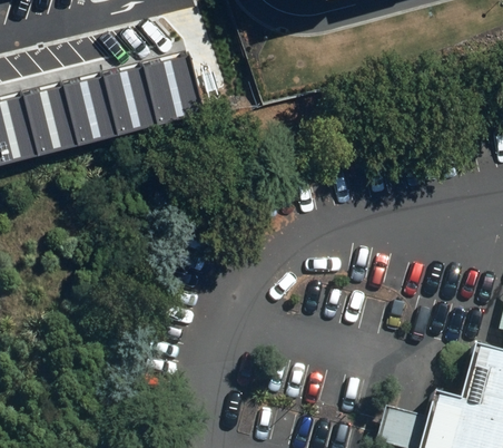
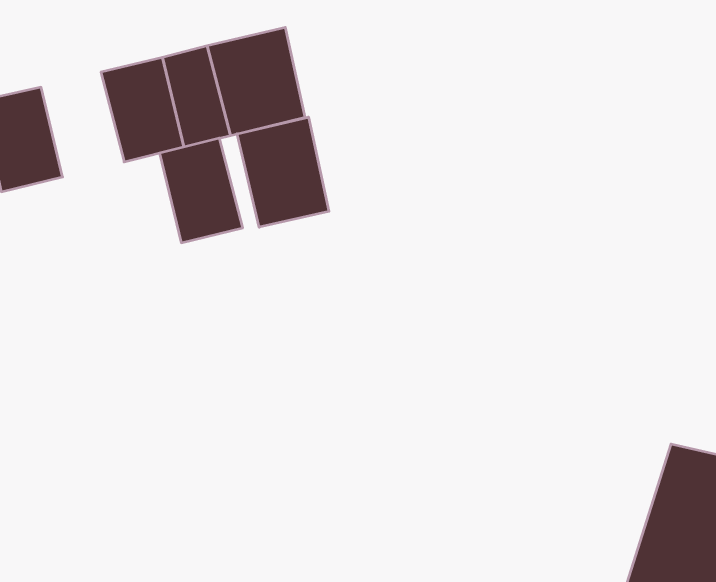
building: [36,82,91,153] -> [160,138,243,243]
building: none -> [237,117,329,227]

